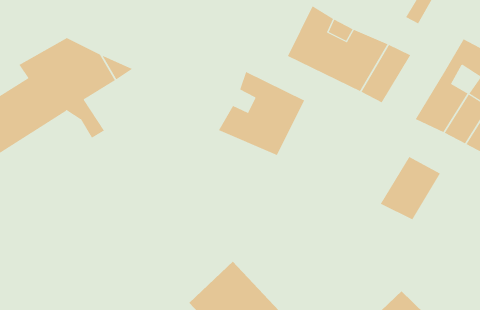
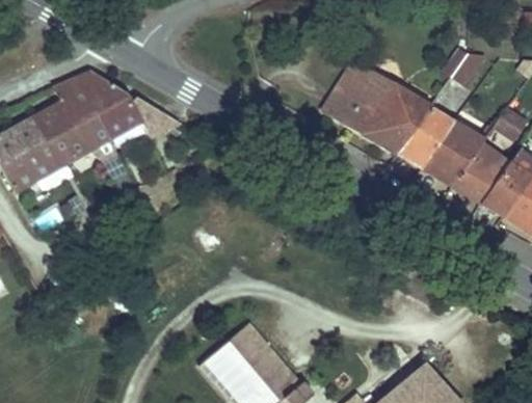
building: [218,71,305,156] -> none
building: [380,156,441,220] -> [420,119,486,187]

